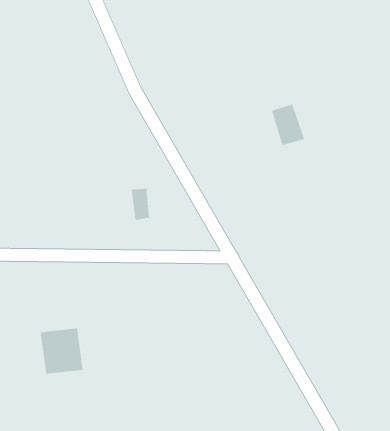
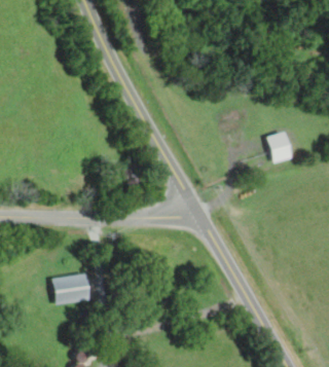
building: [271,104,305,146] -> [265,131,291,162]

